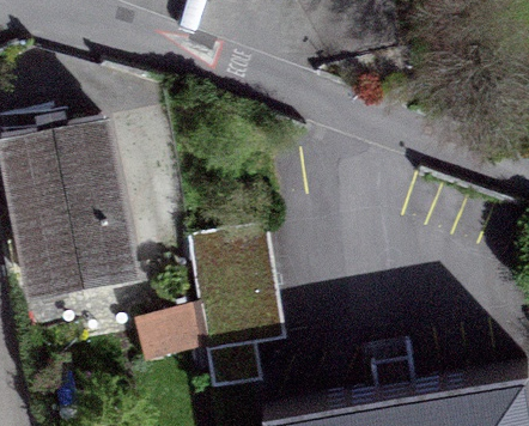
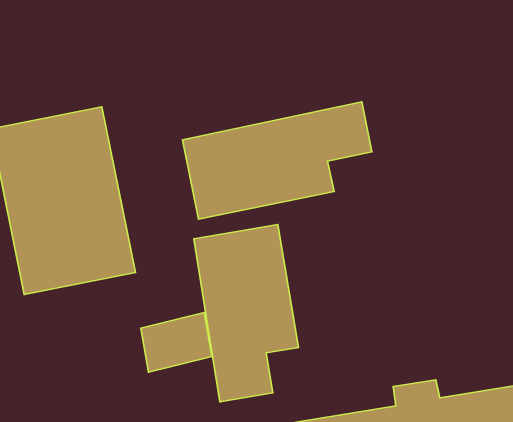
building: none -> [182,102,372,219]

